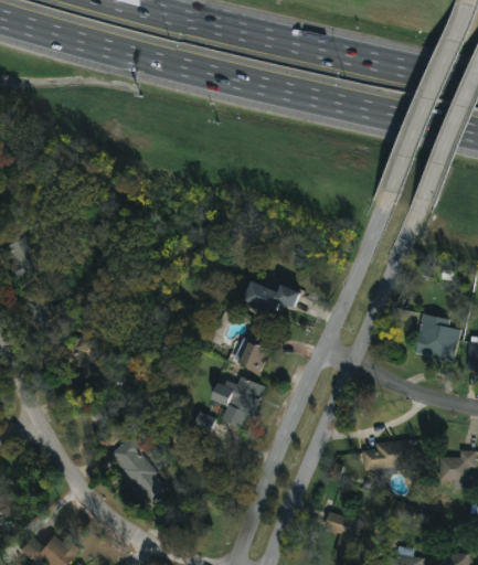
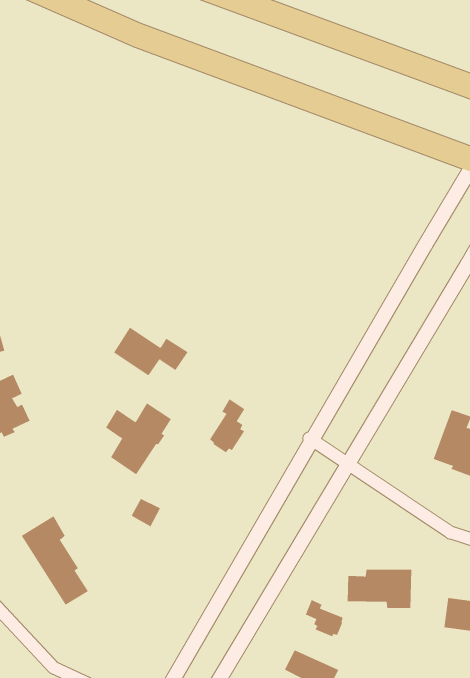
building: [246,279,304,315] -> [113,327,188,376]
building: [214,376,264,433] -> [105,403,172,475]
building: none -> [305,599,343,637]

